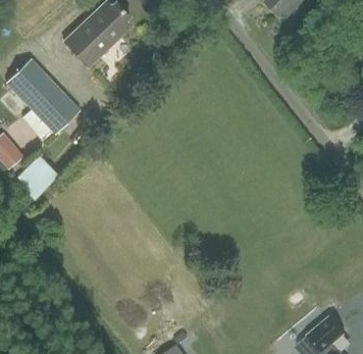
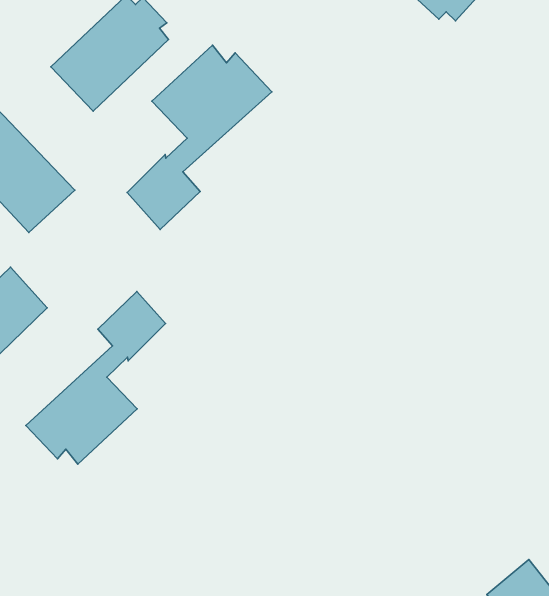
building: none -> [127,45,272,229]
building: none -> [26,292,165,464]

